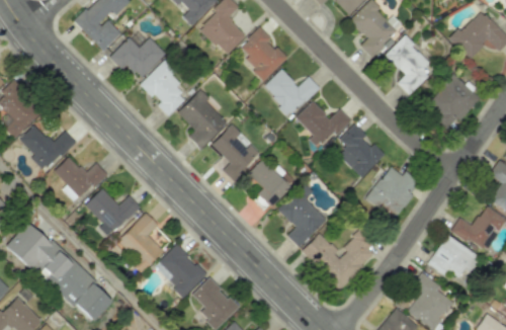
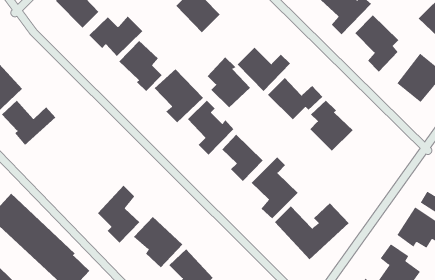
building: [241,26,286,80] -> [207,56,251,108]
building: [54,156,106,201] -> none
building: [365,166,421,219] -> none
building: [84,187,140,236] -> none

